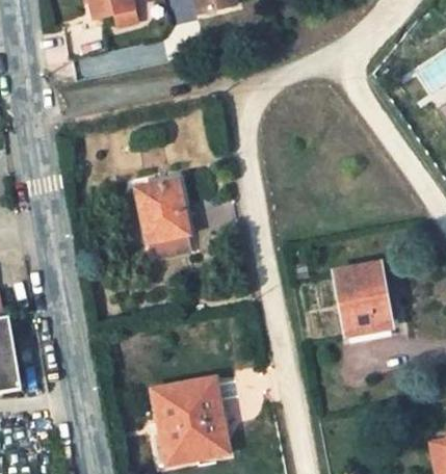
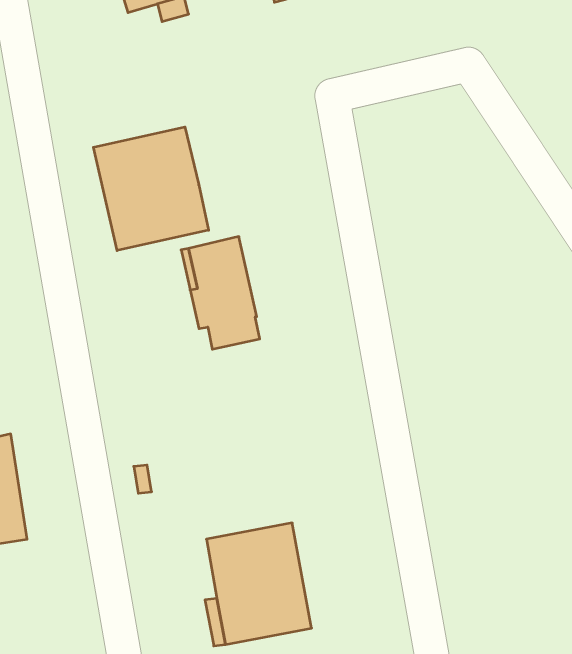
building: none -> [93,127,209,251]
building: [336,263,389,334] -> none

